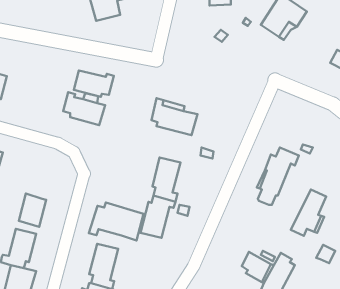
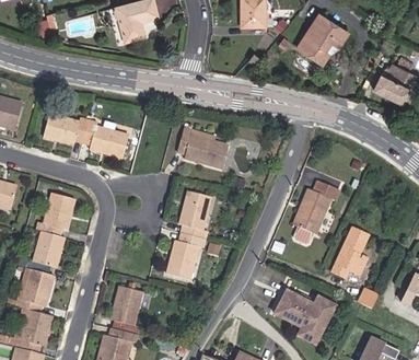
building: [74,71,114,97] -> [44,115,88,143]
building: none -> [36,193,74,236]
building: [89,202,144,241] -> none

